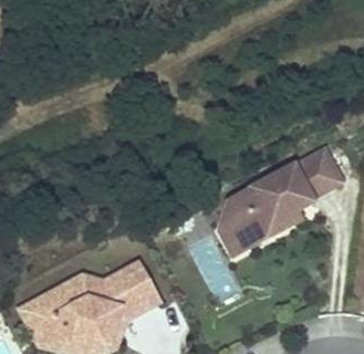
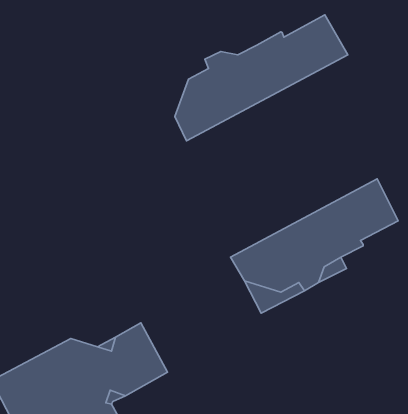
building: none -> [175,15,348,141]

